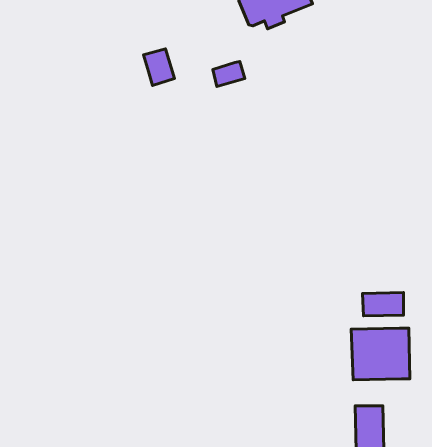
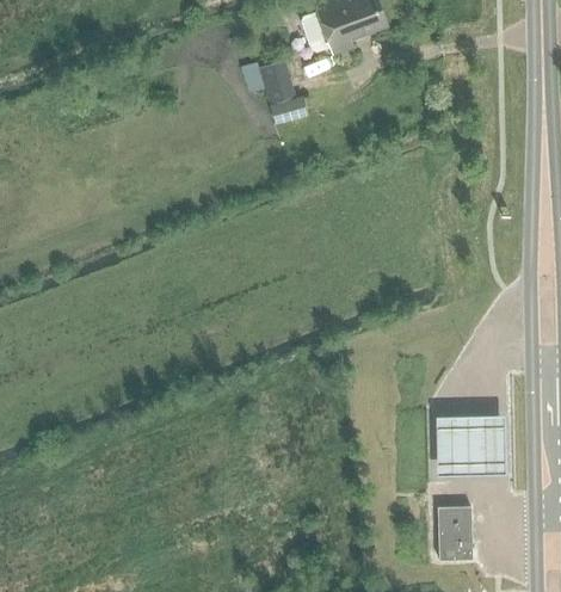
building: [144,49,174,86] -> [257,58,294,103]
building: [362,293,403,316] -> none

